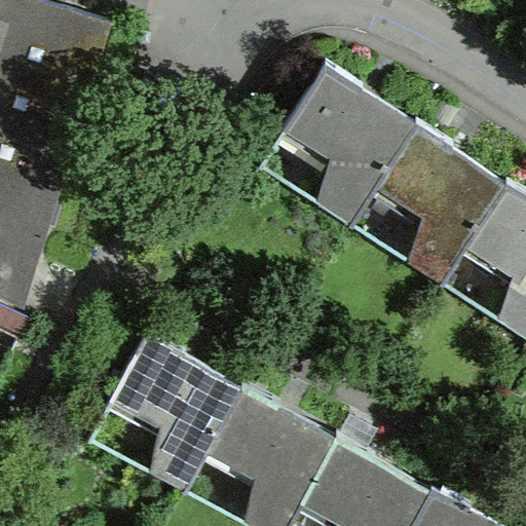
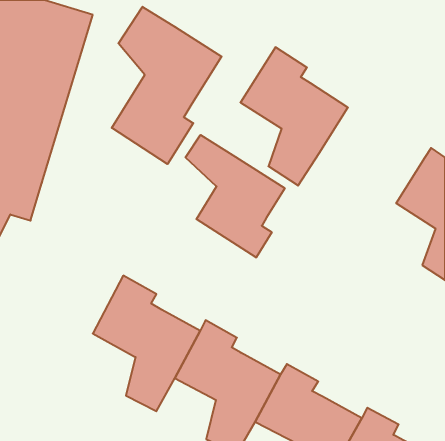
building: none -> [112,7,222,164]
building: [375,122,499,284] -> none
building: none -> [186,135,285,258]

